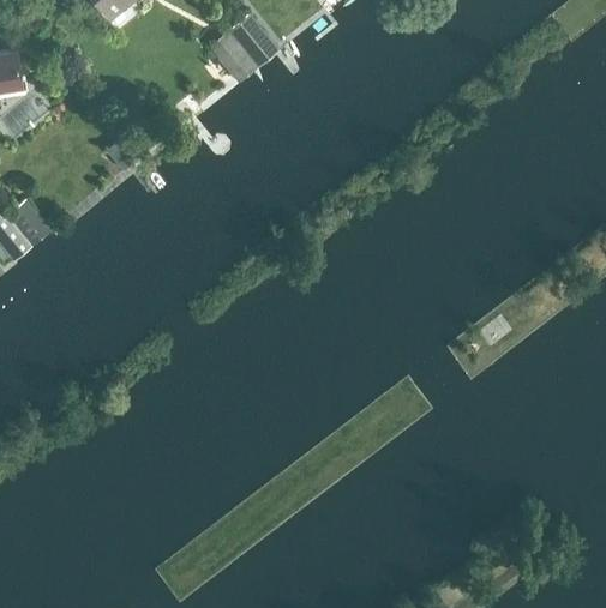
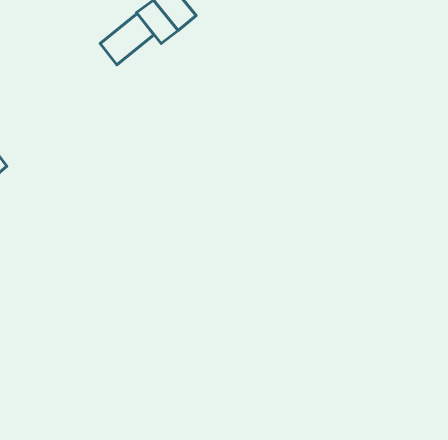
building: none -> [100,14,154,65]

